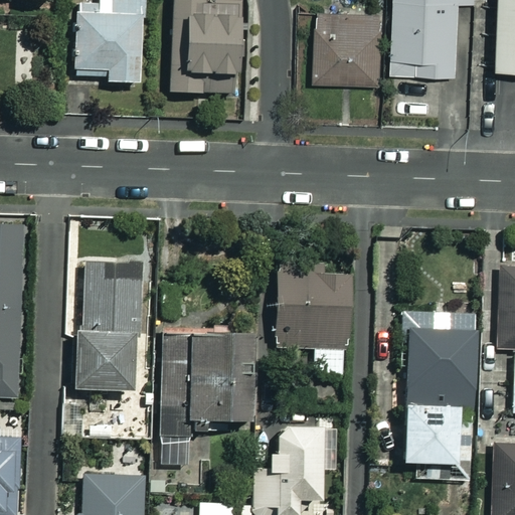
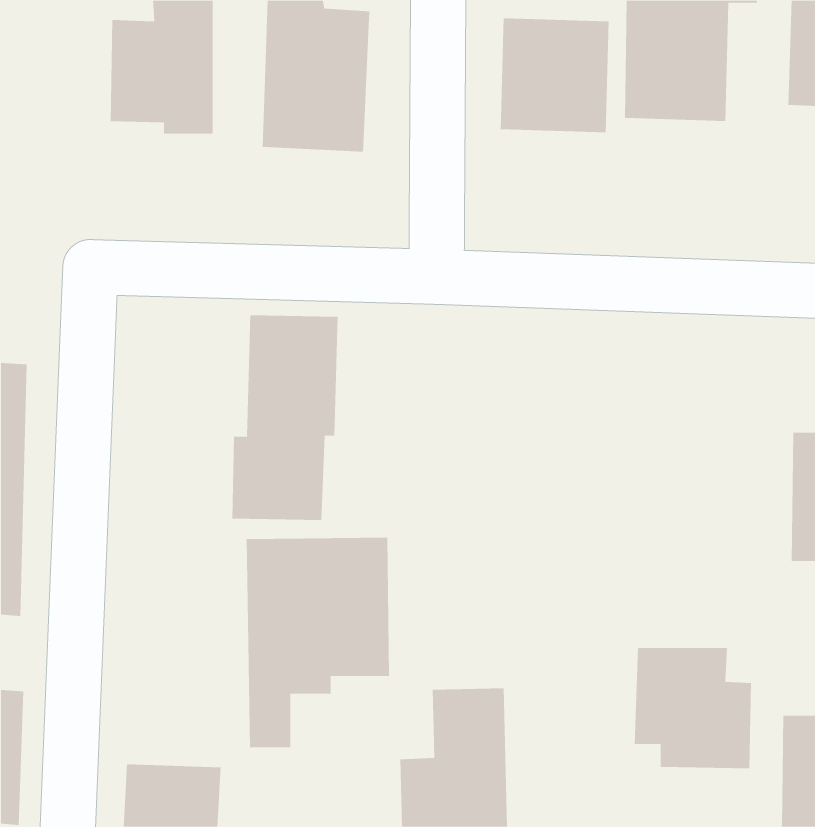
building: [73,263,140,390] -> [232,315,338,520]
building: [275,263,350,375] -> none
building: [403,312,475,402] -> none

